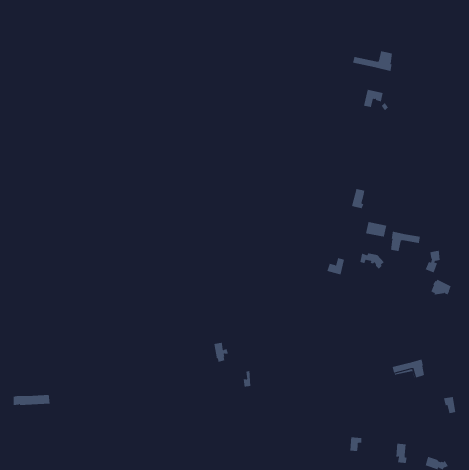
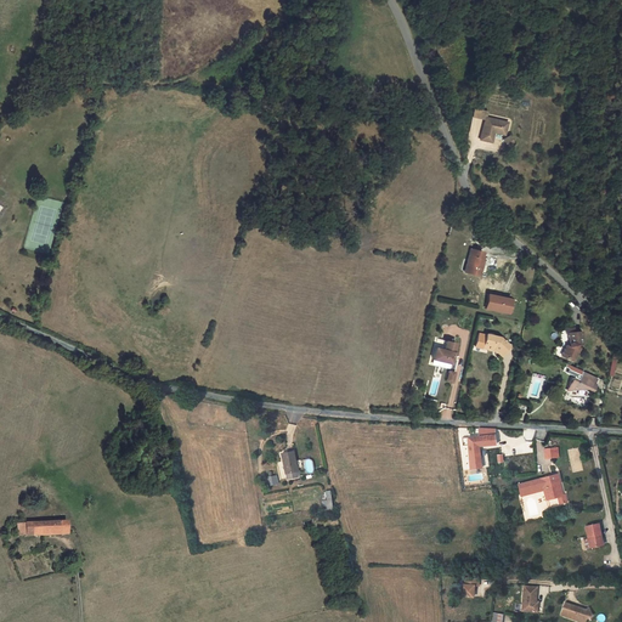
building: [352,50,393,72] -> none
building: [390,231,421,252] -> none
building: none -> [469,428,497,470]

